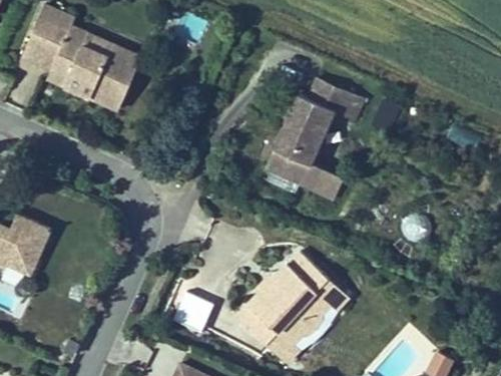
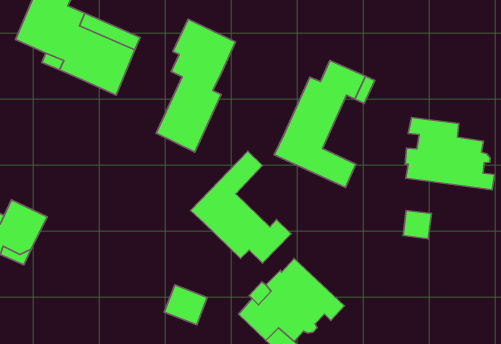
building: none -> [156,19,236,152]
building: none -> [405,118,494,190]
building: none -> [191,151,291,263]

